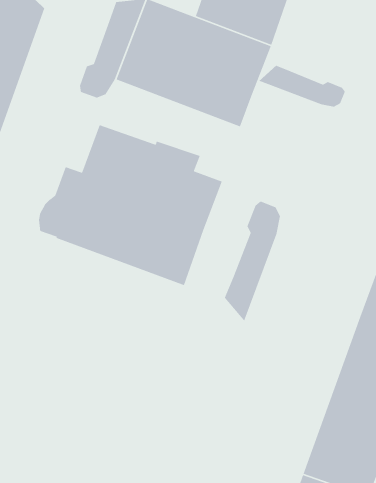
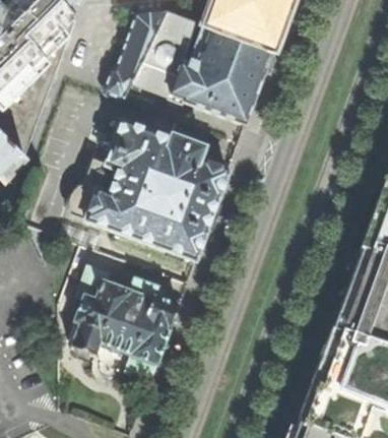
building: [258,65,346,107] -> none
building: [224,200,281,322] -> none
building: none -> [74,265,182,380]

